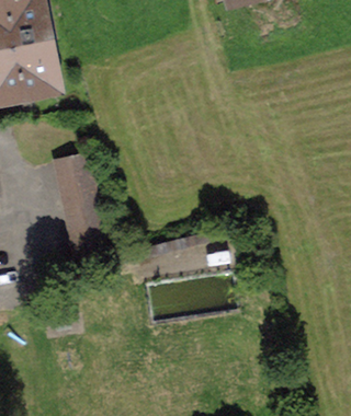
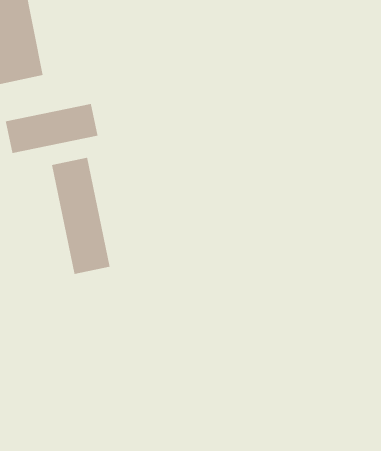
building: none -> [5,103,98,154]

